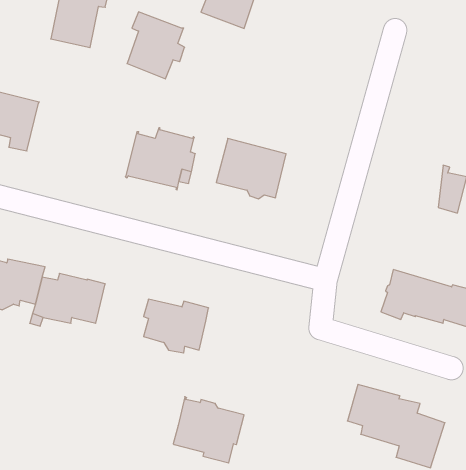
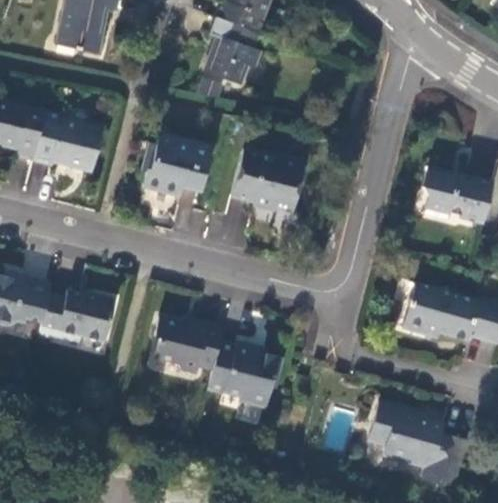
building: [127,12,185,79] -> [203,16,263,86]
building: none -> [33,111,103,168]
building: none -> [424,168,468,220]
building: [173,397,244,463] -> [208,339,282,408]

